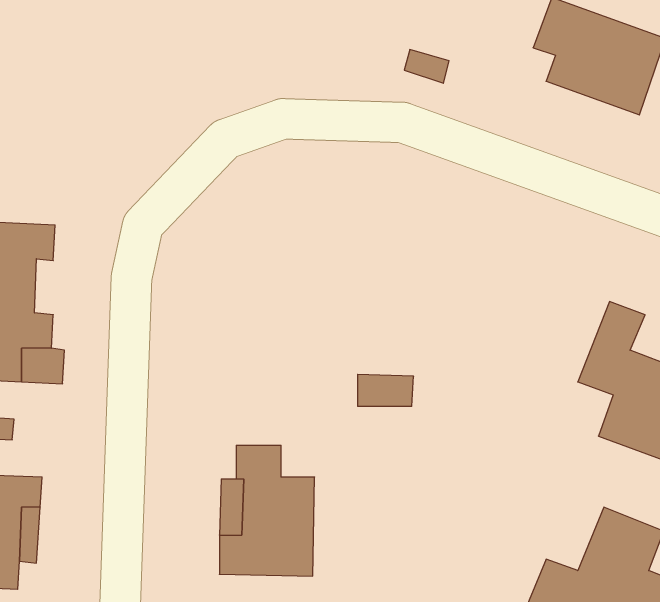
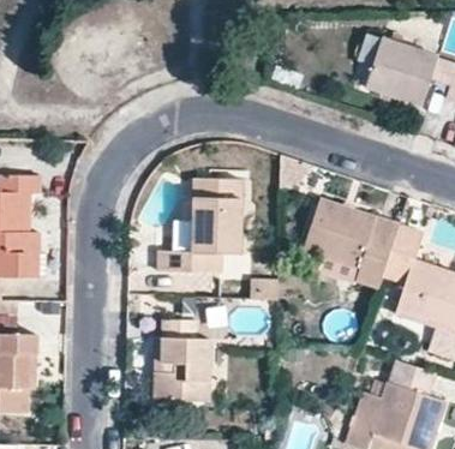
building: none -> [162,178,240,276]
building: none -> [305,196,403,293]

